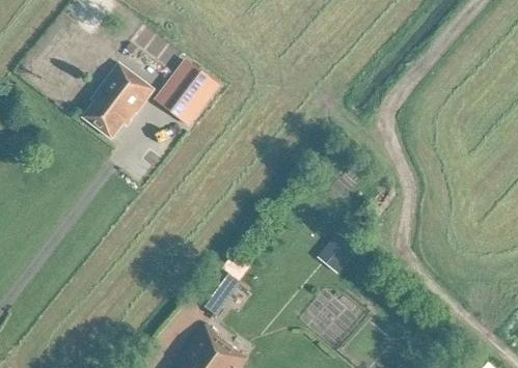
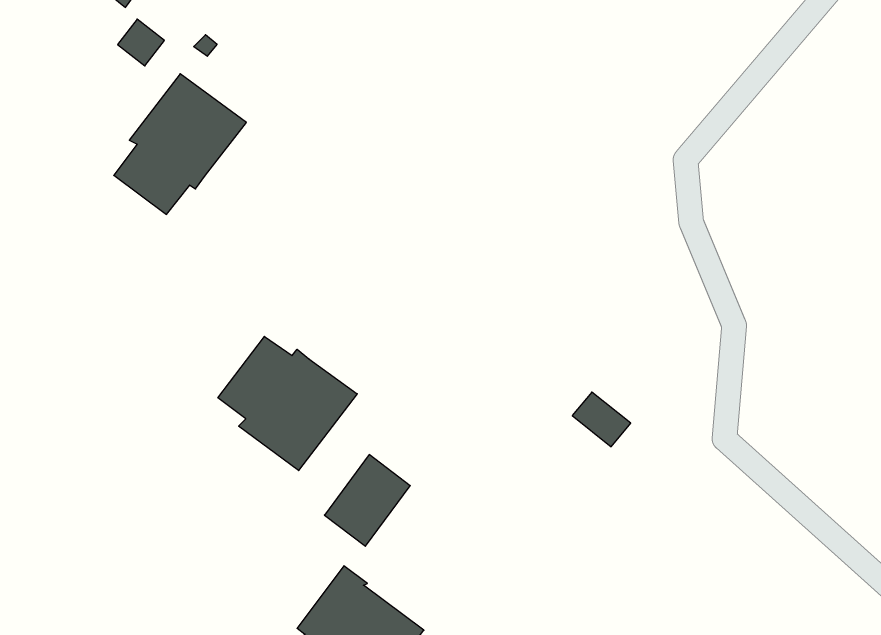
building: [154,60,217,124] -> none
building: none -> [218,336,357,471]

